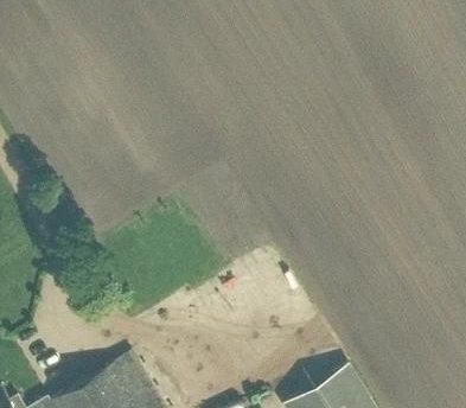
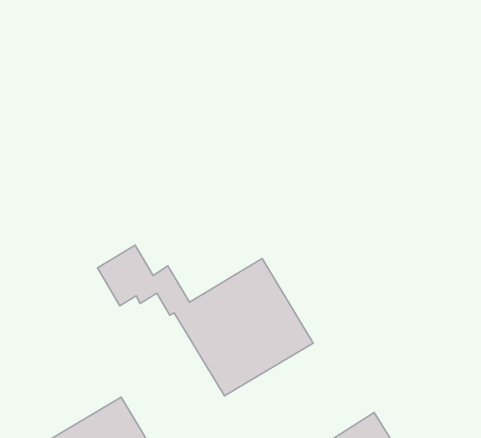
building: none -> [97,245,313,396]

